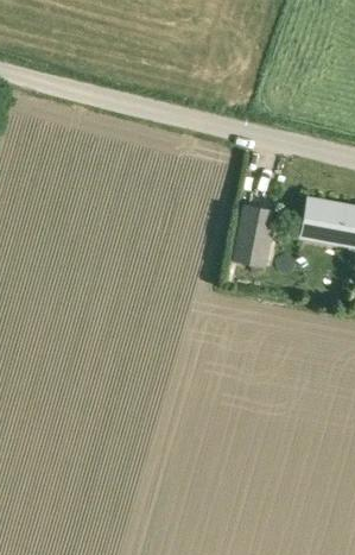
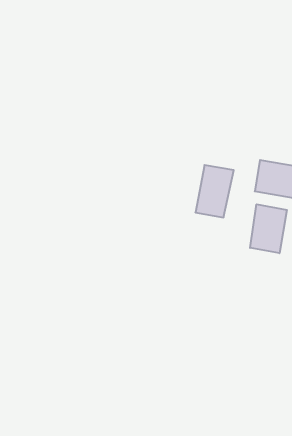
building: none -> [250,204,287,253]

